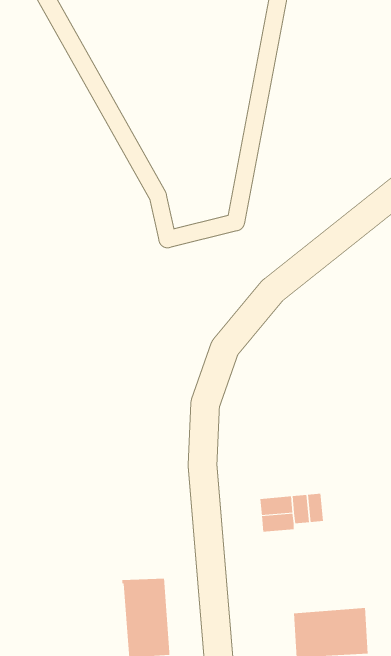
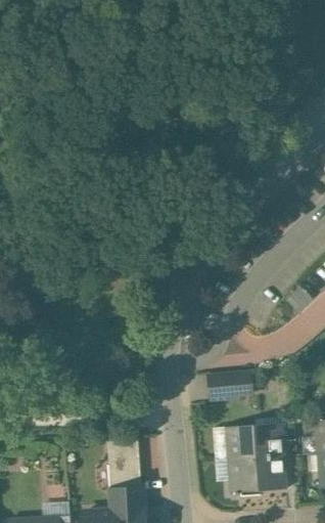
building: none -> [226,423,281,460]

